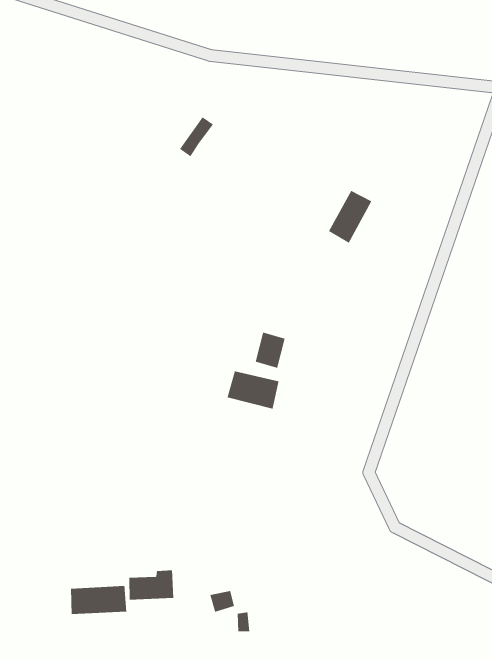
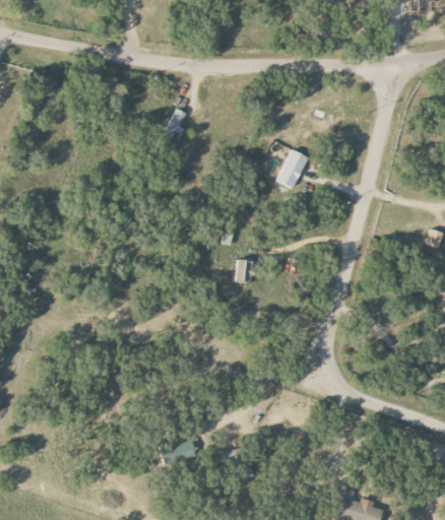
building: [227,370,279,409] -> none
building: [71,585,127,615] -> none

